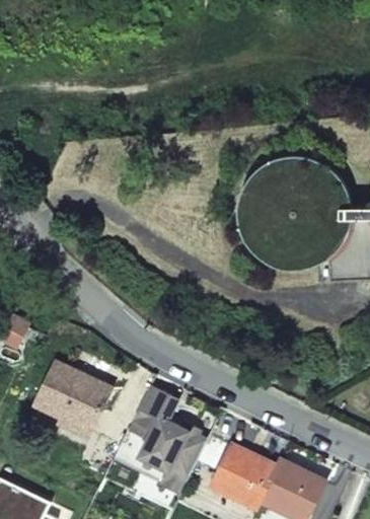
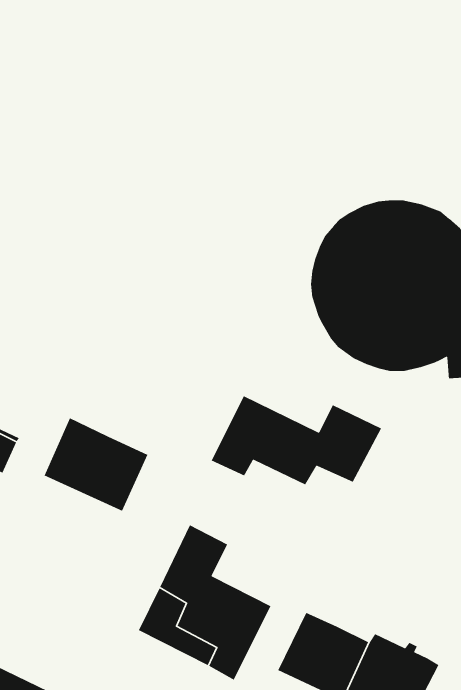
building: none -> [211,395,382,485]
building: [35,362,109,429] -> [44,417,149,512]

